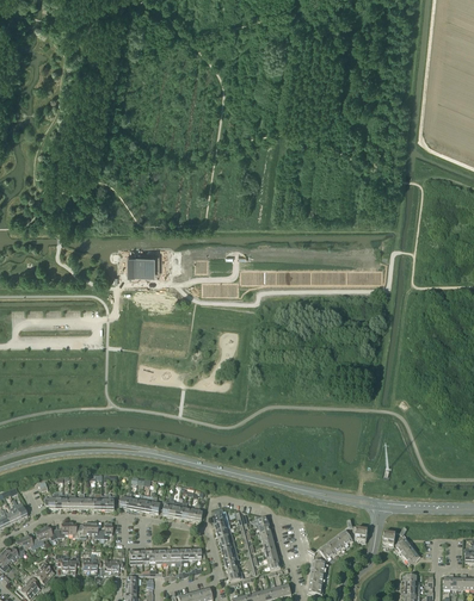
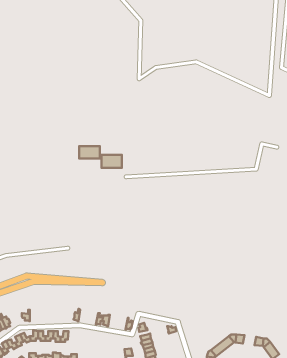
building: none -> [102,155,122,168]

